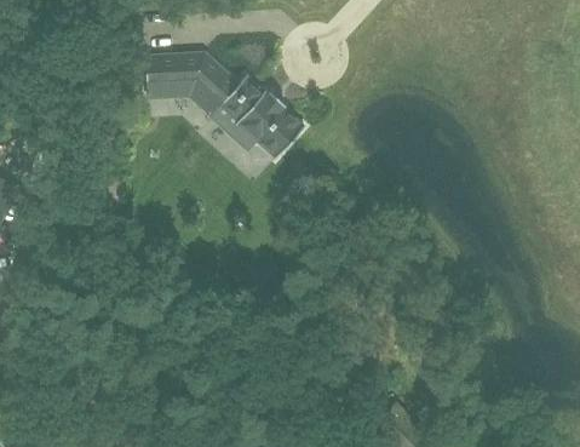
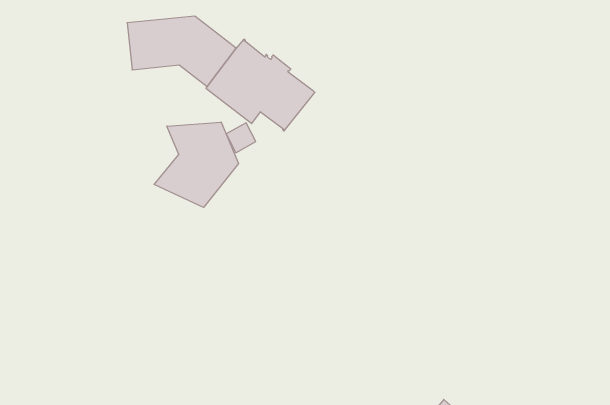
building: none -> [154,122,239,207]

